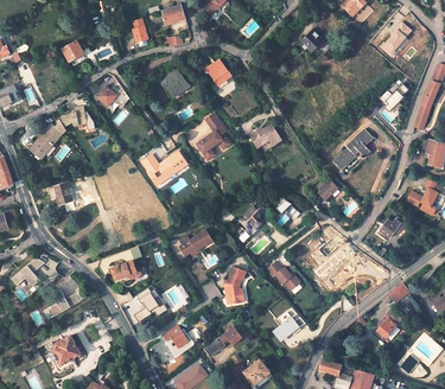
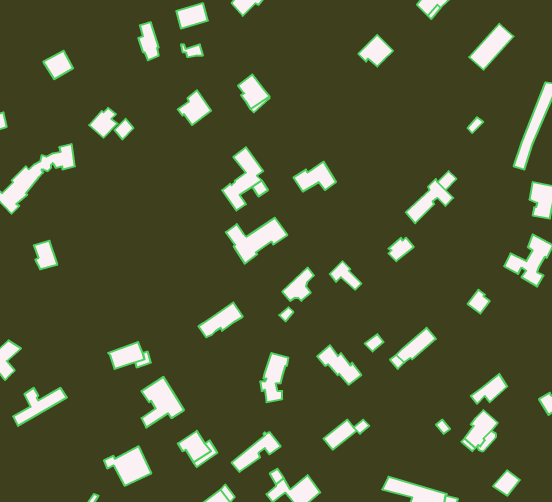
building: [141,152,187,186] -> [226,218,287,264]
building: [45,334,81,364] -> [104,446,151,486]

